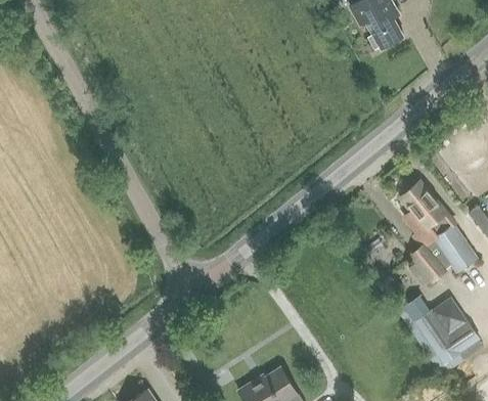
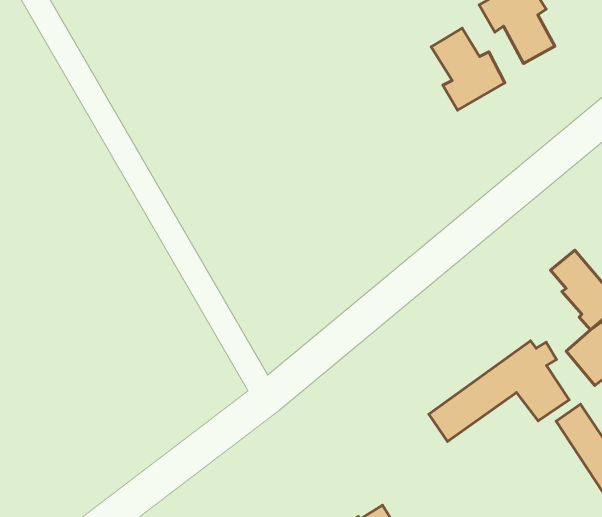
building: none -> [431,28,505,110]
building: none -> [429,341,569,441]

